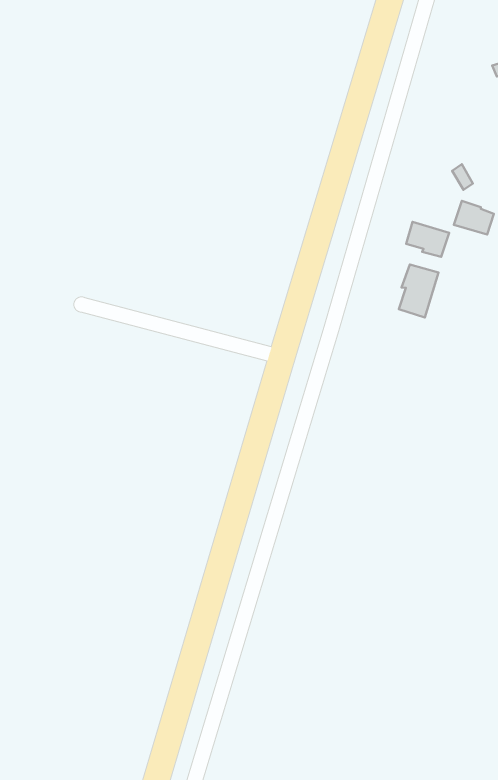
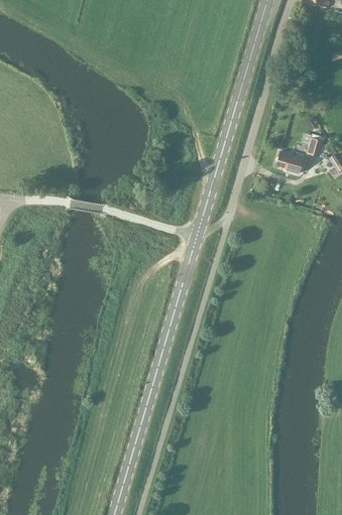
building: [399,265,438,318] -> none

